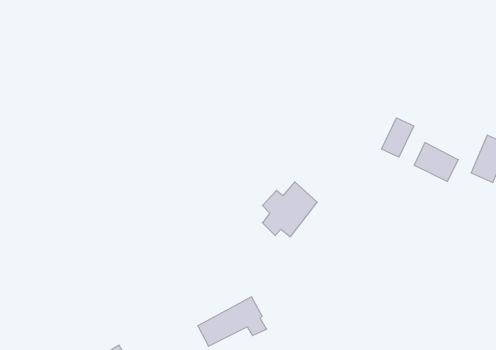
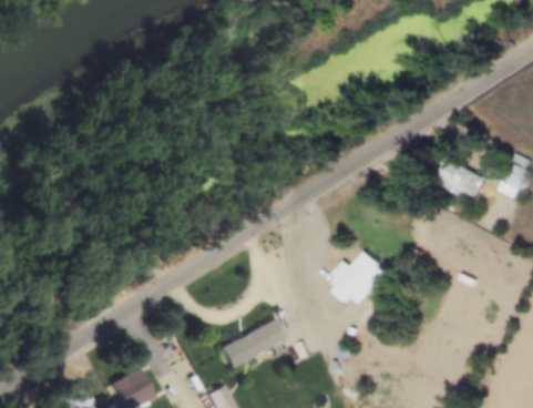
building: [382,118,414,157] -> none
building: [262,182,317,237] -> [332,249,389,306]

